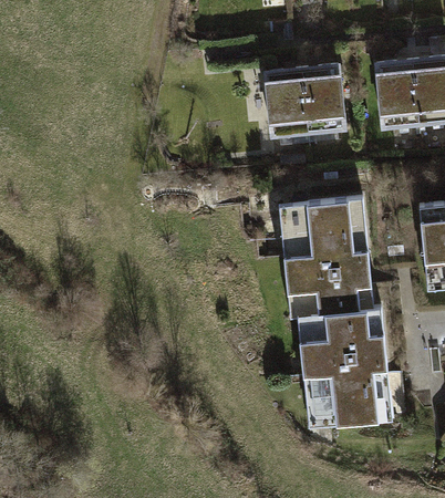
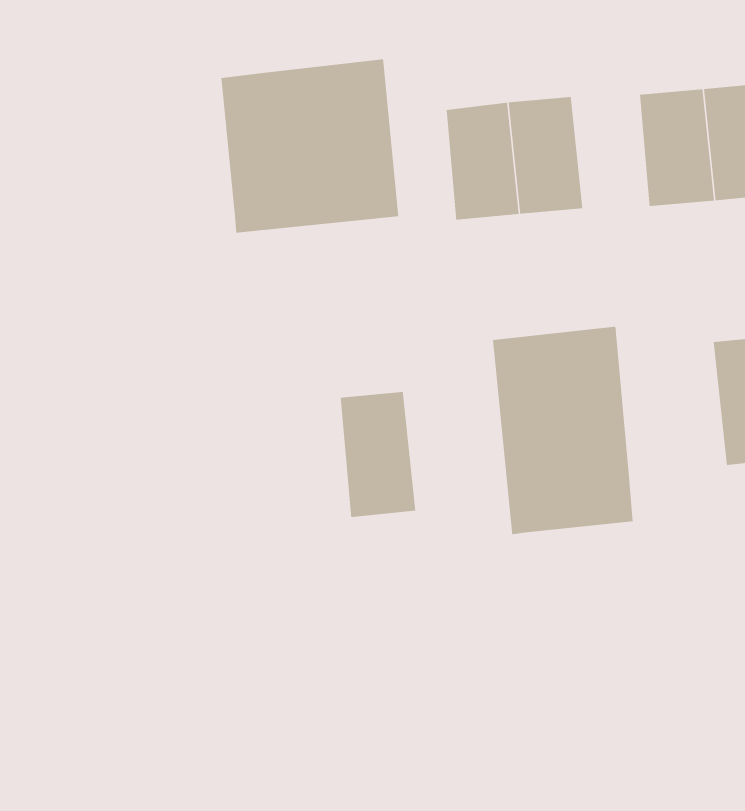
building: none -> [221,58,399,234]
building: none -> [340,391,416,518]
building: [310,308,391,426] -> none

